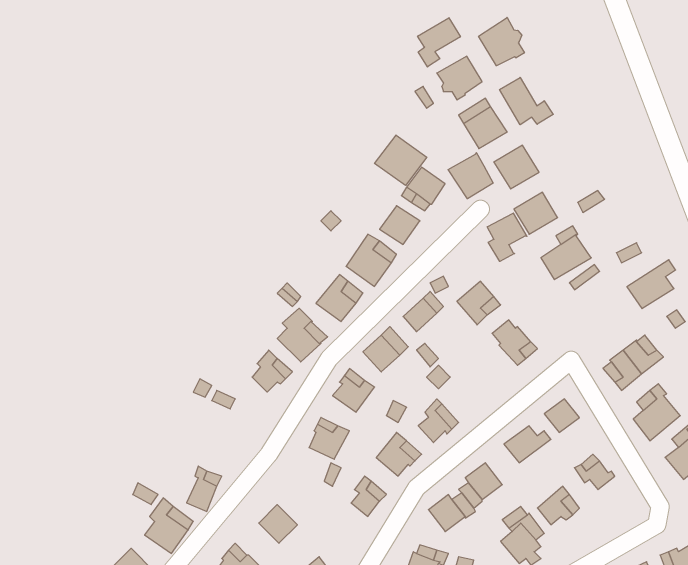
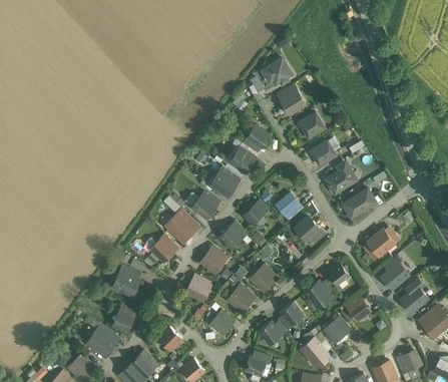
building: [479,17,524,66] -> none
building: [418,18,460,67] -> none
building: [500,77,553,125] -> none
building: [375,135,427,185] -> none
building: [448,153,493,199] -> none
building: [487,213,527,261] -> none
building: [627,260,676,309] -> [342,189,371,219]
building: none -> [113,266,140,297]

